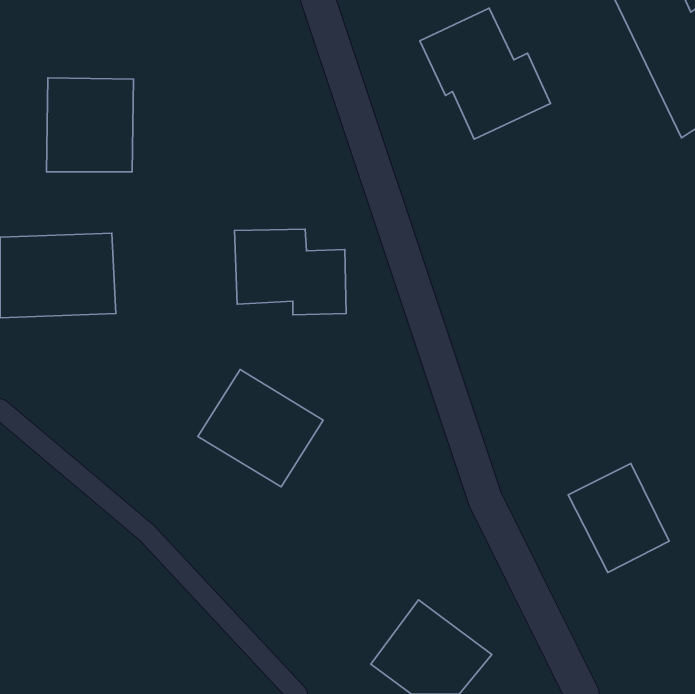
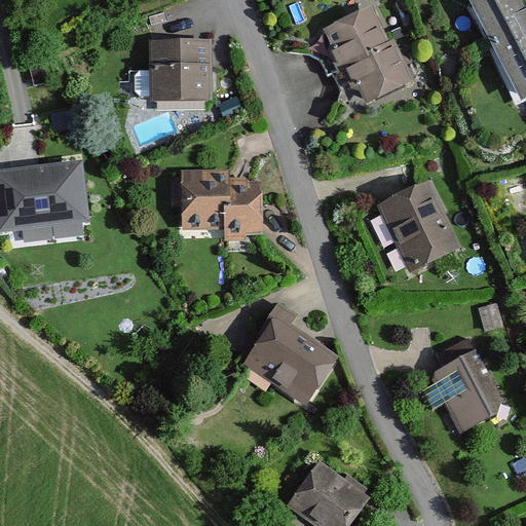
building: [46,78,134,172] -> [147,28,213,99]
building: none -> [375,180,459,270]
building: [198,370,323,487] -> [243,314,338,403]

